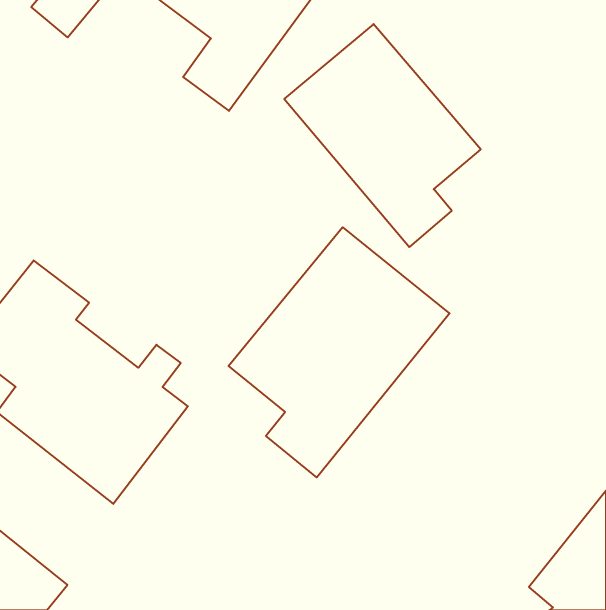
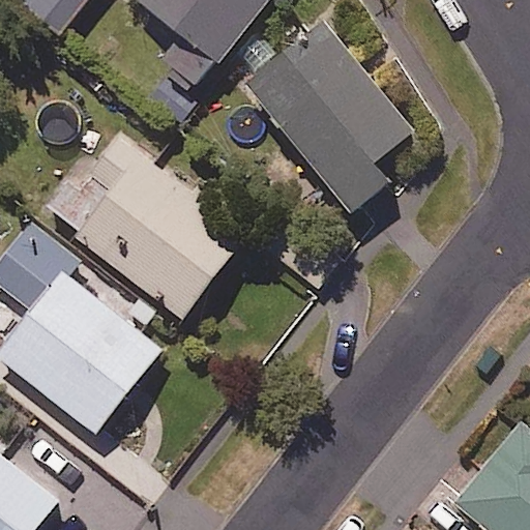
building: none -> [41,131,246,319]
building: [229,227,450,477] -> none

